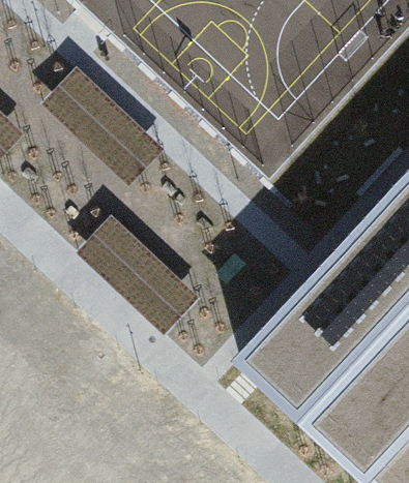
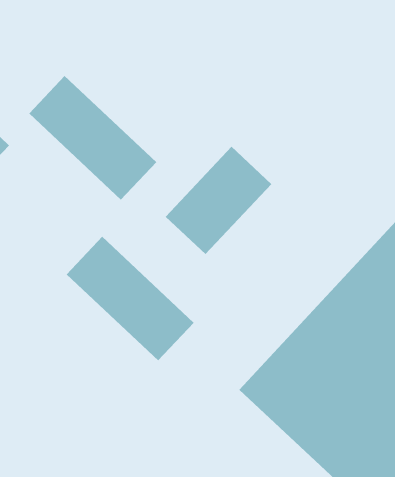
building: none -> [165,146,272,255]

